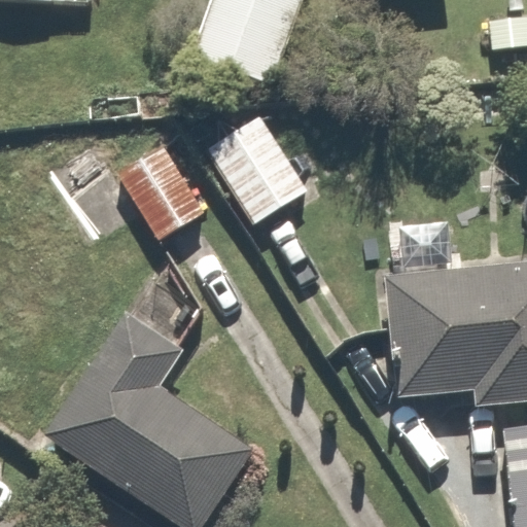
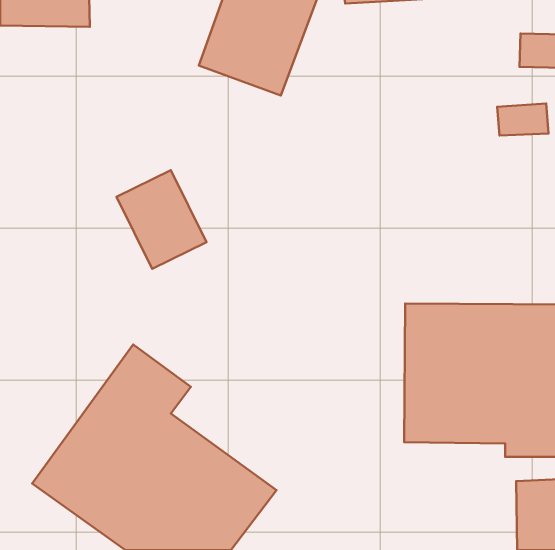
building: [211,124,313,235] -> none

